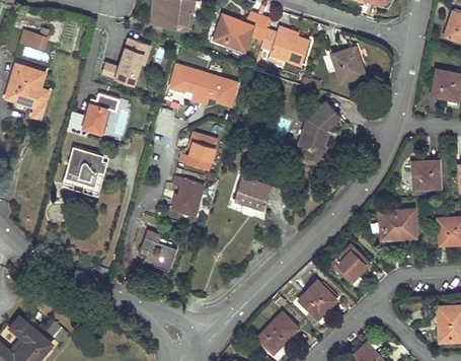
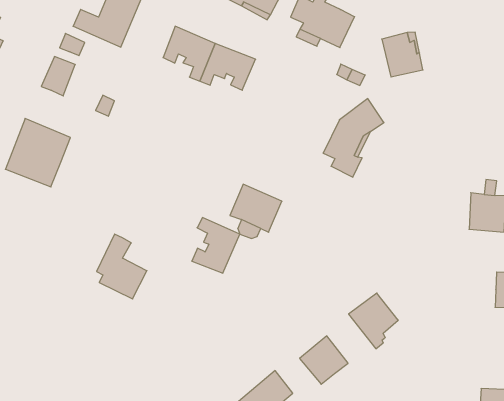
building: [179,133,218,170] -> none
building: [171,176,205,216] -> [192,218,240,273]
building: [379,209,416,240] -> none

